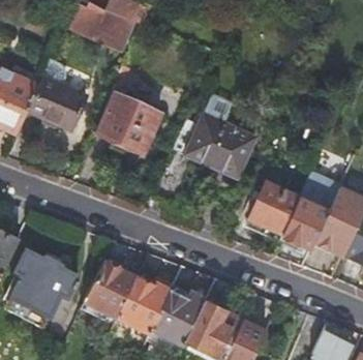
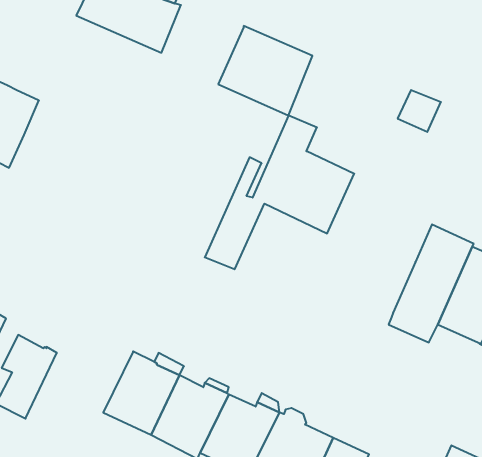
building: [28,76,86,128] -> none
building: [96,90,161,152] -> [218,26,312,115]
building: [250,182,299,233] -> none
building: [29,261,77,316] -> none

